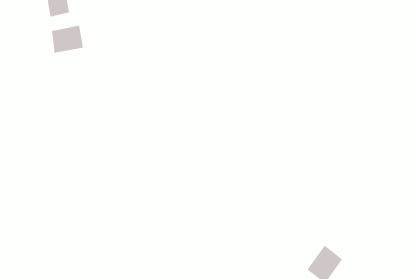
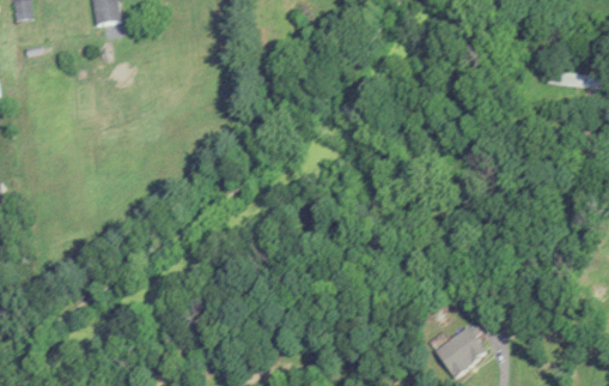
building: [51,25,83,53] -> none

